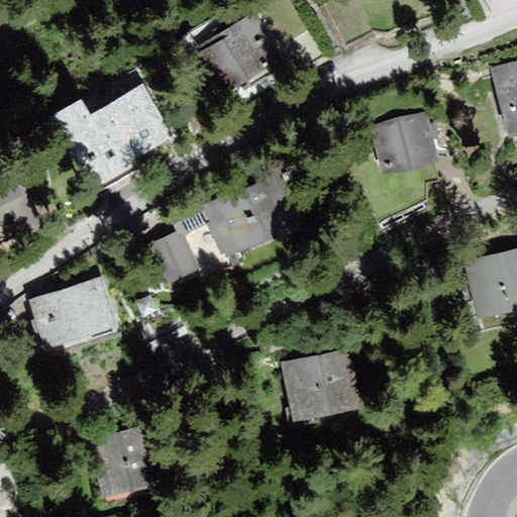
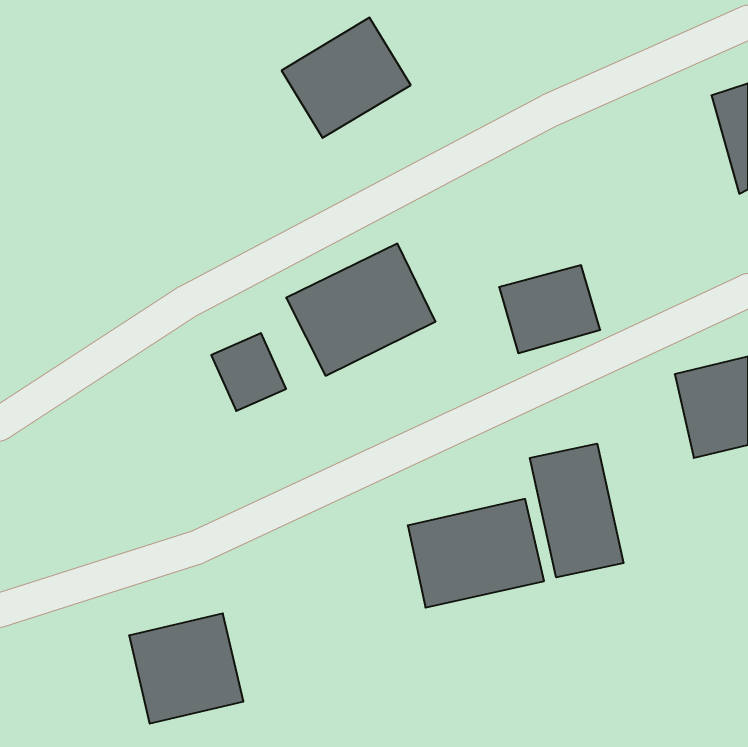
building: [48,82,179,191] -> none
building: [370,112,439,173] -> [499,265,600,353]
building: [31,277,117,349] -> none
building: none -> [530,444,624,577]

